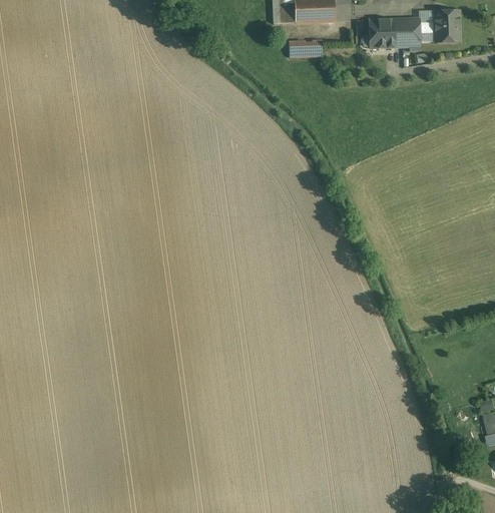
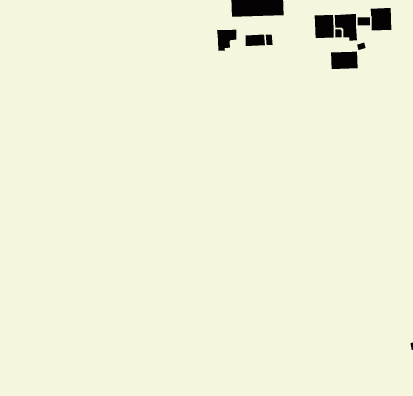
building: none -> [216,29,237,51]
building: none -> [330,51,358,70]

